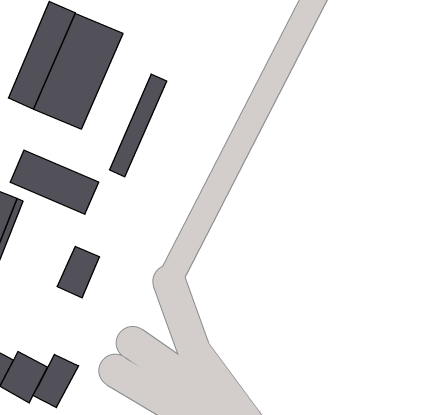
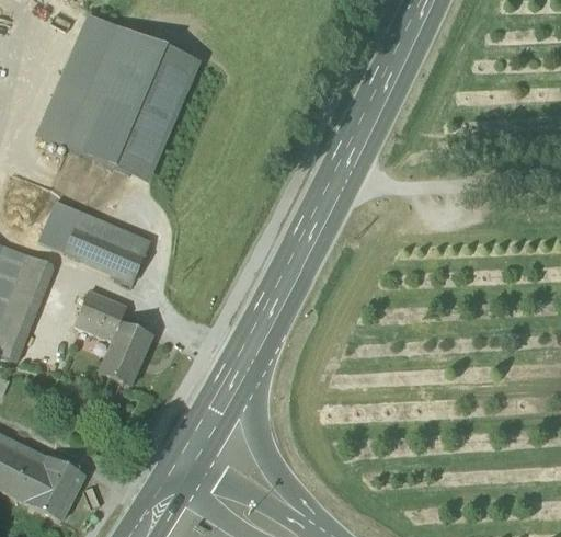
building: [109,74,167,177] -> [128,53,201,182]
building: none -> [73,290,126,340]
building: [33,354,79,408] -> none

